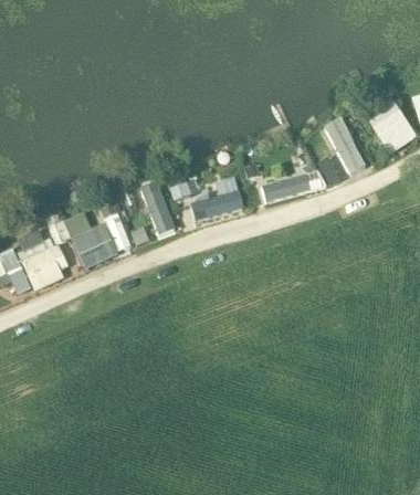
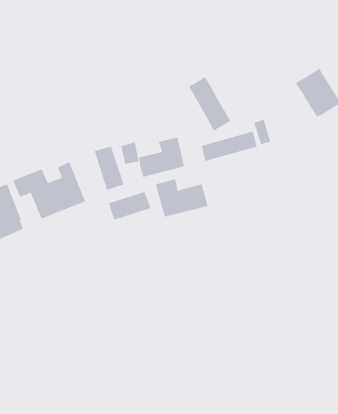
building: [321,116,368,177] -> [189,77,231,131]
building: none -> [155,178,208,218]
building: none -> [108,191,151,220]

